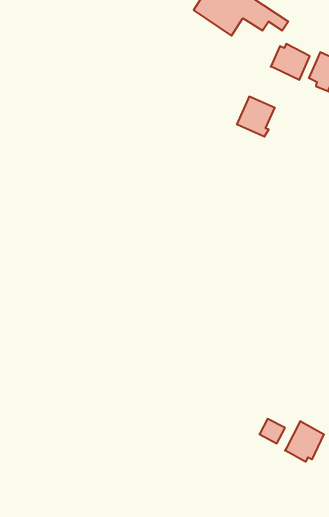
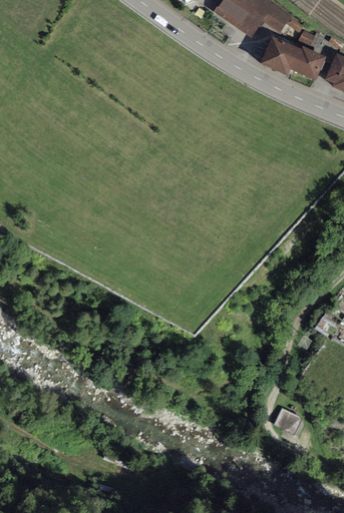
building: [237,97,275,137] -> [259,35,296,74]
building: [285,421,324,462] -> none

